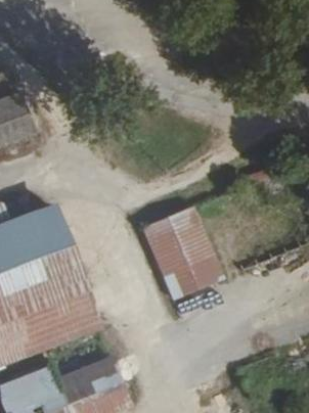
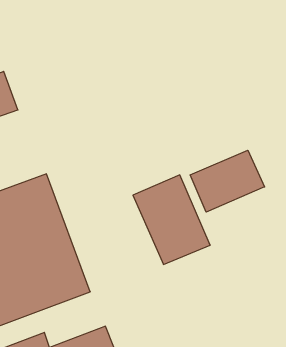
building: none -> [190,150,265,212]

